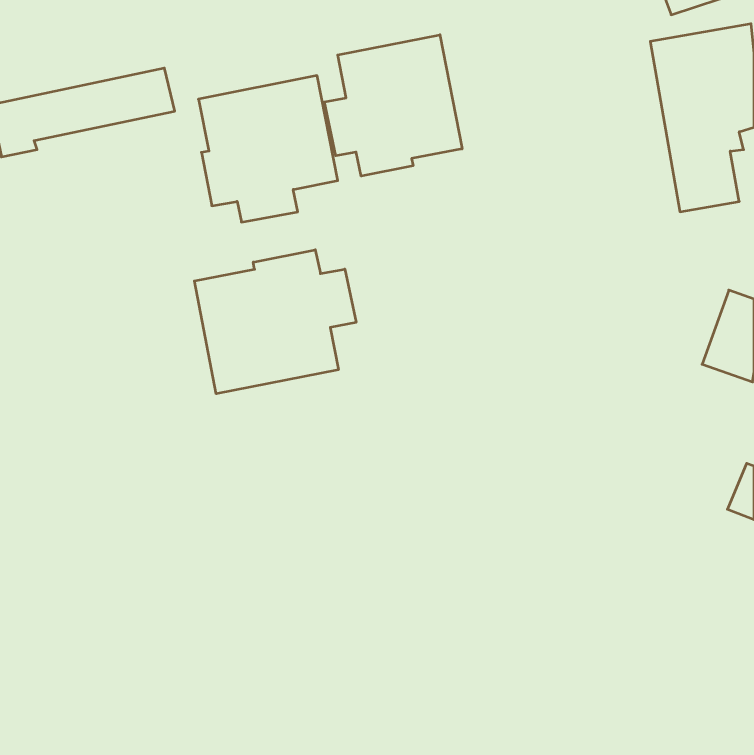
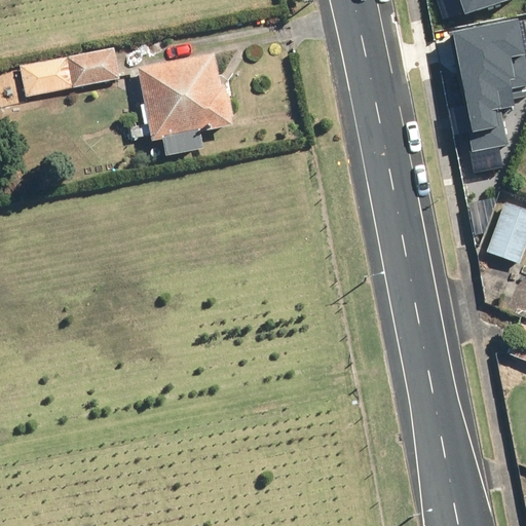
building: [324,35,462,176] -> none
building: [194,250,356,394] -> none

